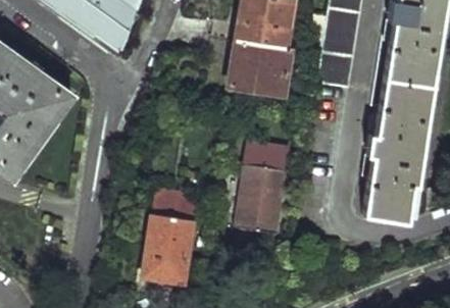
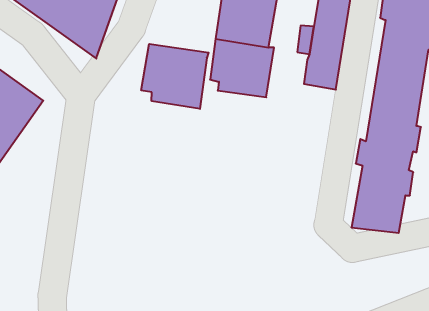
building: none -> [141,44,209,109]
building: [236,148,287,232] -> none
building: [144,184,196,279] -> none

